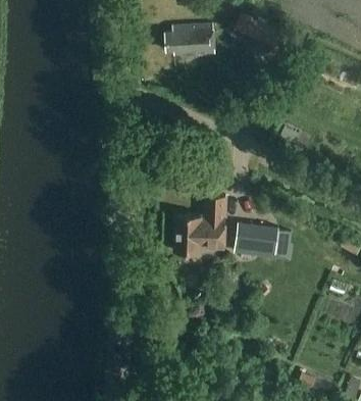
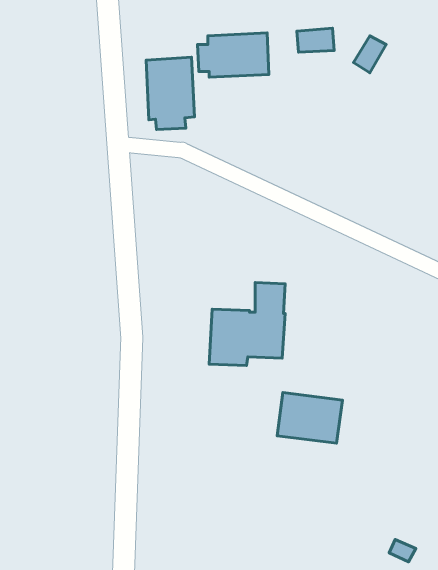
building: none -> [146,57,194,129]
building: [234,222,278,257] -> [277,393,342,443]

